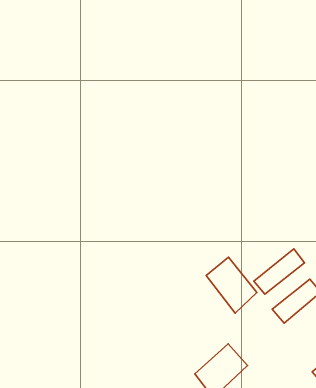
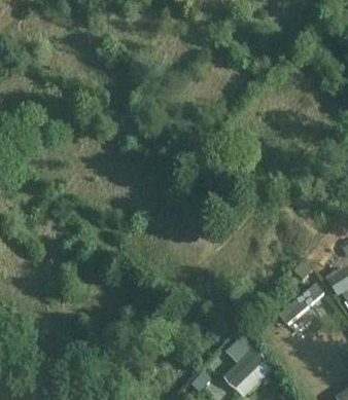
building: [206,257,257,313] -> none

